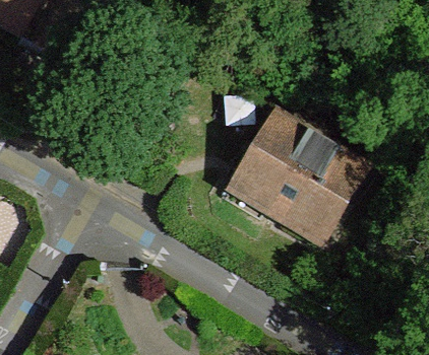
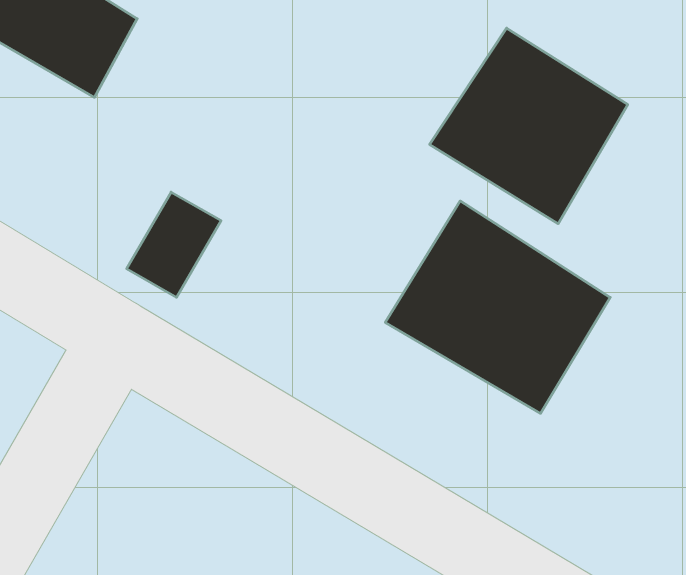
building: none -> [430,28,628,224]

